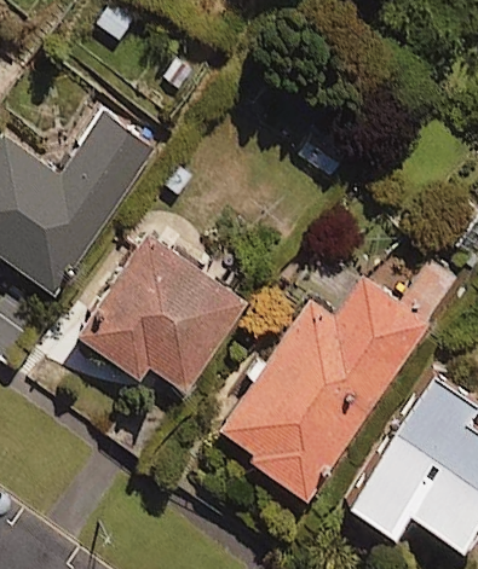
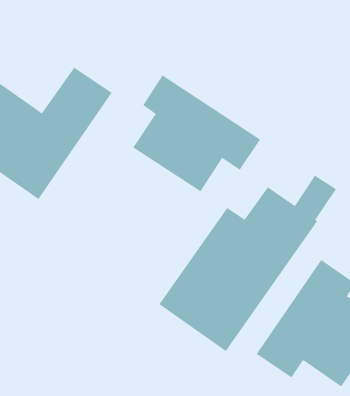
building: none -> [132,74,261,192]
building: [75,234,246,393] -> none

